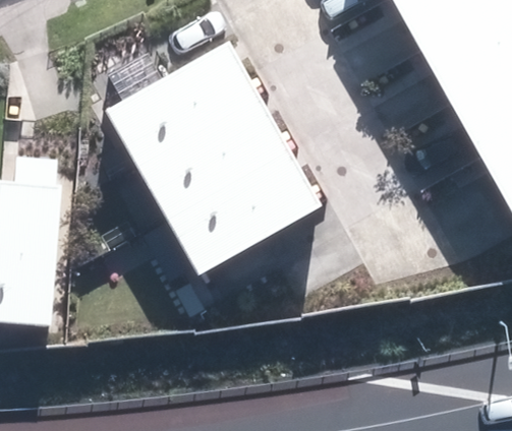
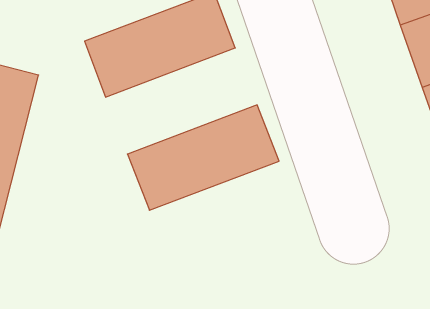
building: [136,94,288,218] -> none

